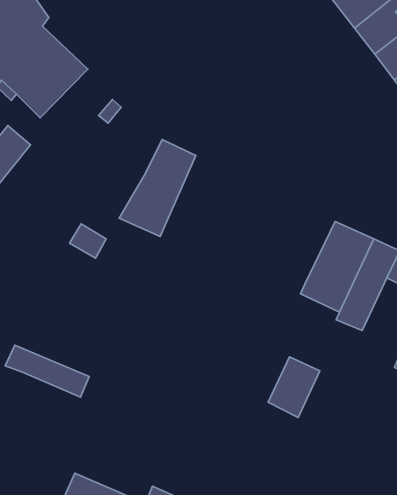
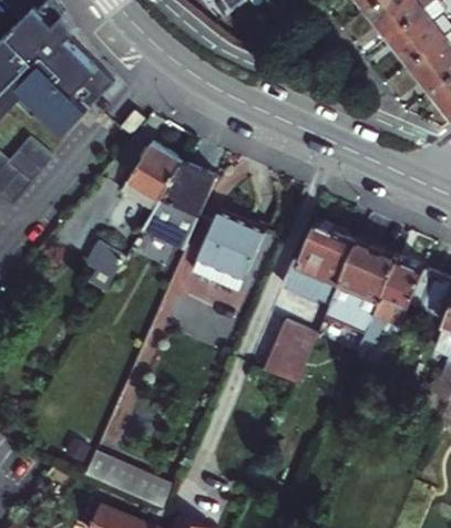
building: none -> [123,139,184,210]
building: none -> [194,208,268,288]
building: none -> [286,221,361,304]
building: [5,345,89,397] -> [84,453,171,506]
building: [268,357,320,417] -> [265,315,318,377]

